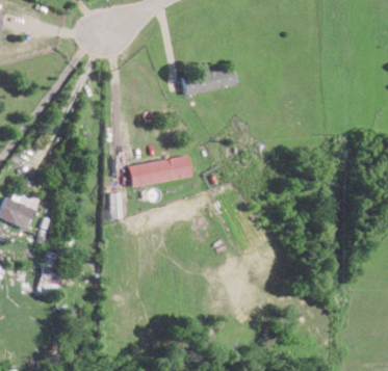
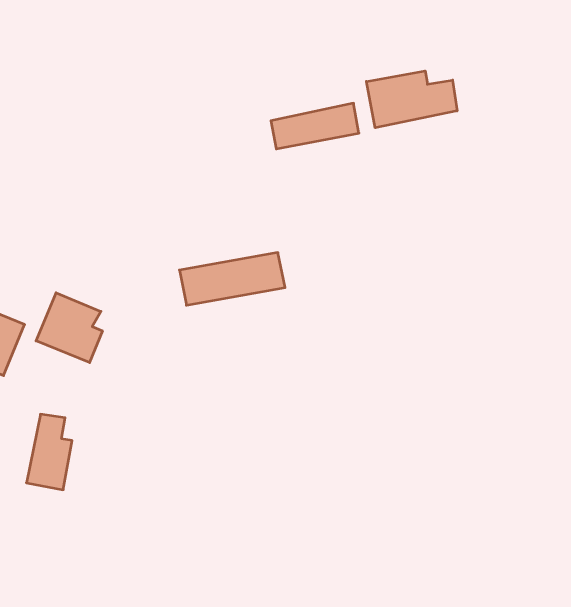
building: none -> [366,71,457,128]
building: none -> [36,293,102,363]

